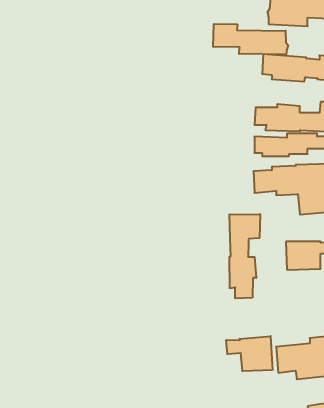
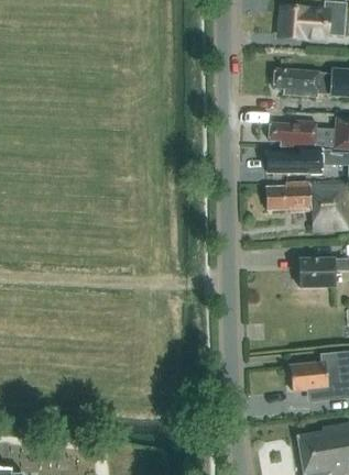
building: [213,24,288,54] -> none
building: [230,214,260,298] -> none
building: [226,336,272,371] -> none

